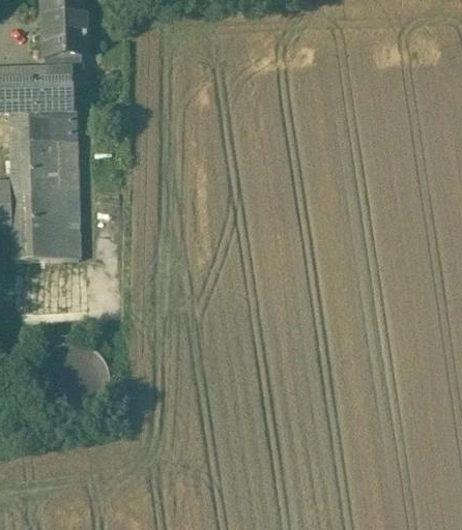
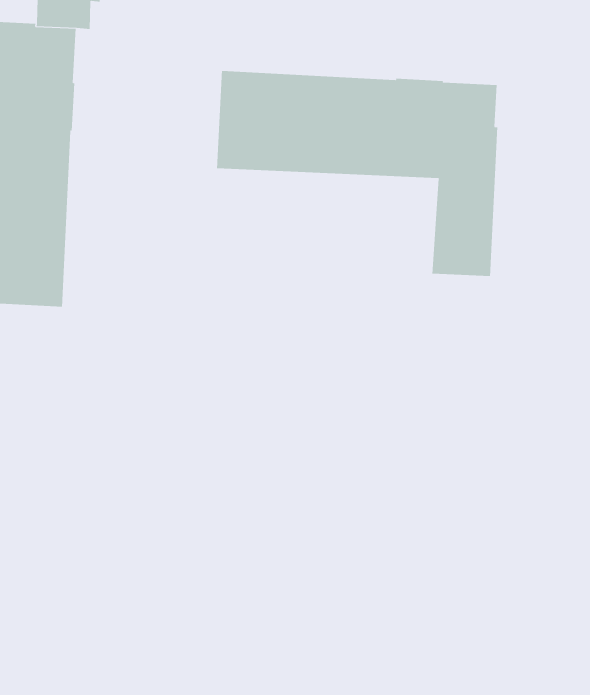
building: none -> [217,70,498,277]

